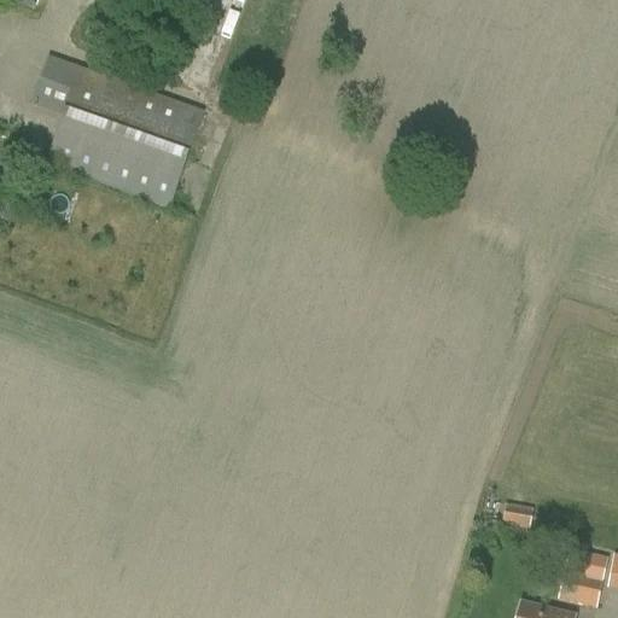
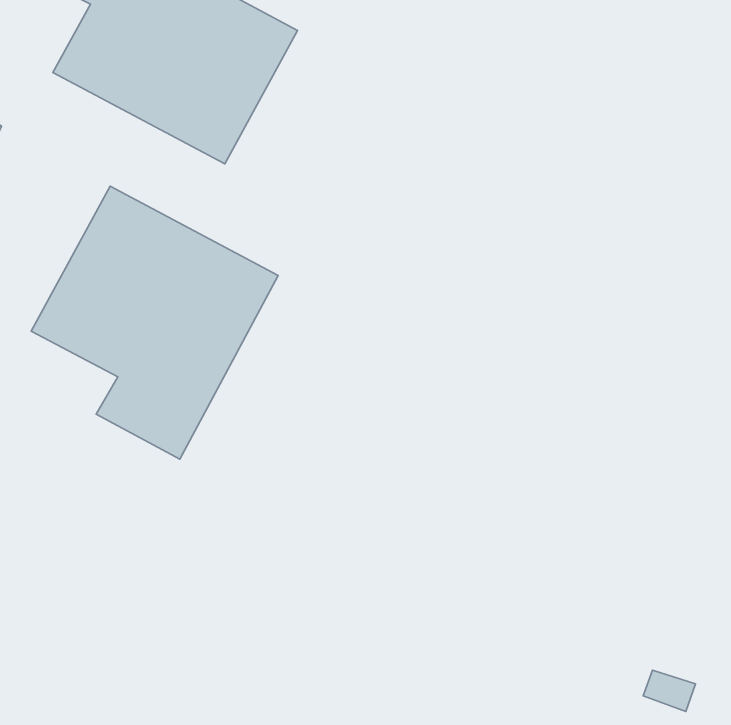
building: none -> [31,186,278,459]

